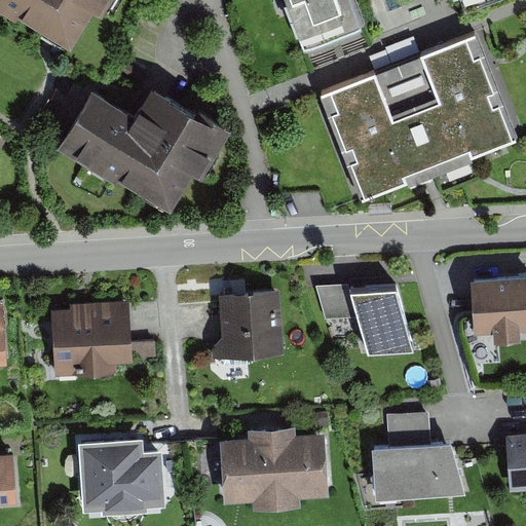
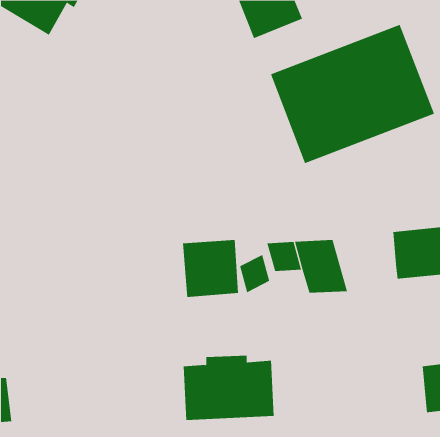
building: [55,86,222,209] -> none
building: [52,301,158,378] -> none
building: none -> [240,254,270,293]
building: [372,415,464,499] -> none
building: [77,440,164,514] -> none

